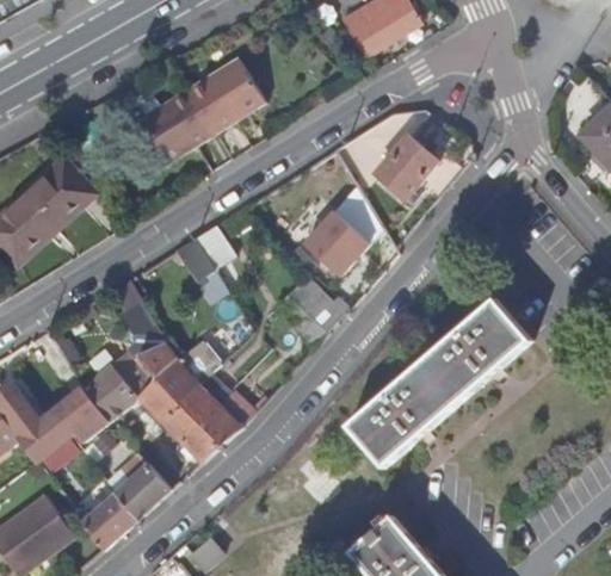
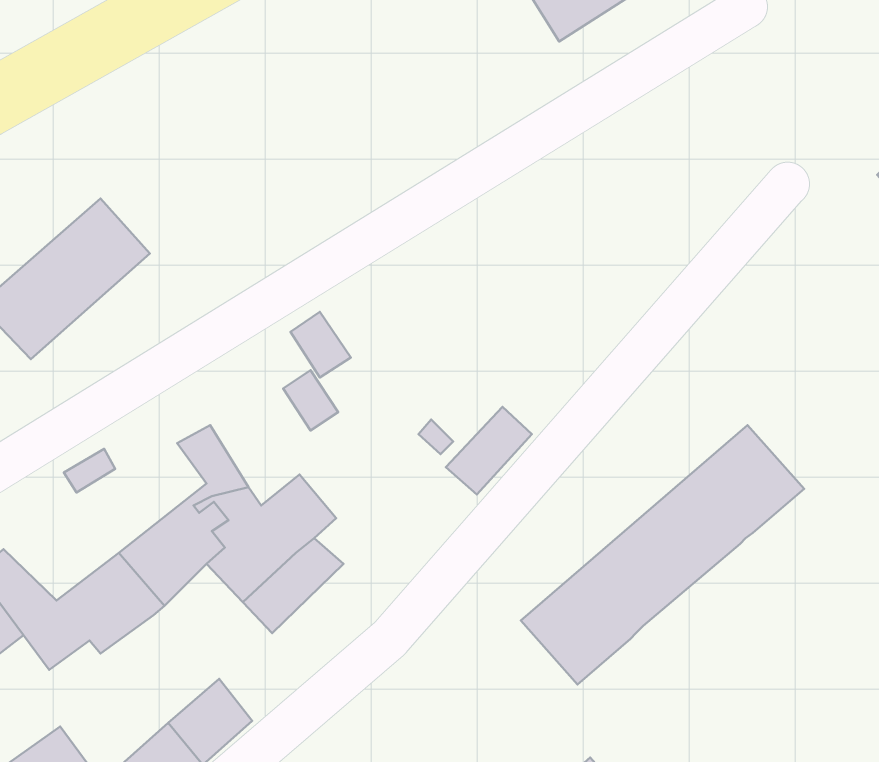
building: [146,58,271,161] -> none
building: [375,130,437,194] -> none
building: [290,205,372,278] -> none
building: [181,390,253,459] -> none

